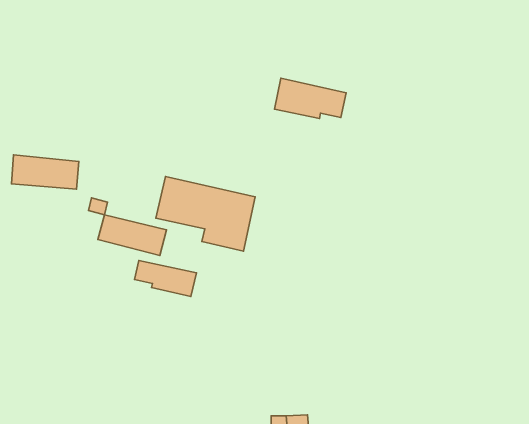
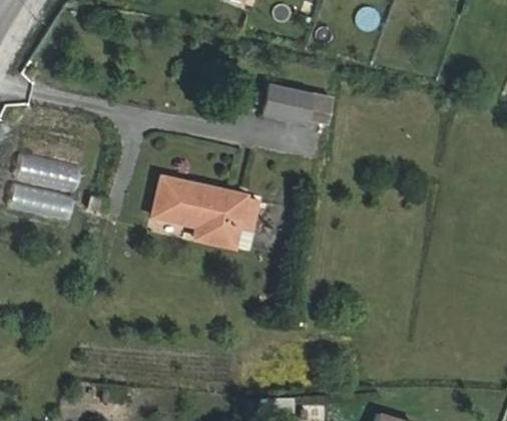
building: [98,215,166,255] -> [11,181,75,220]
building: [135,261,196,296] -> none

